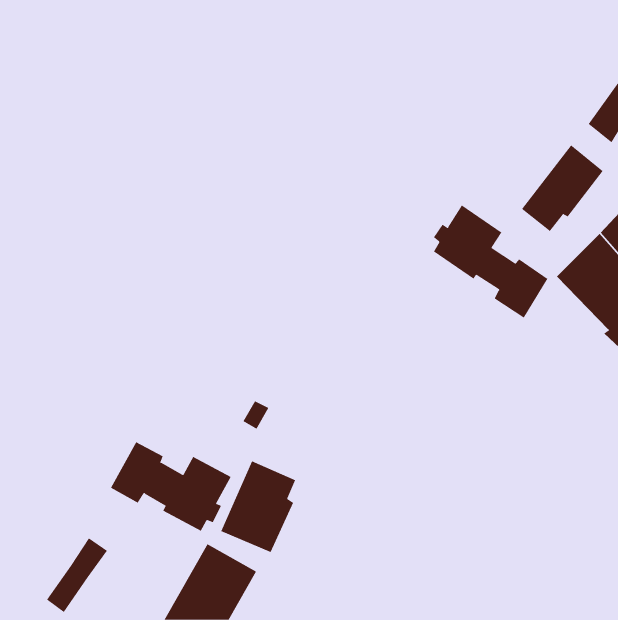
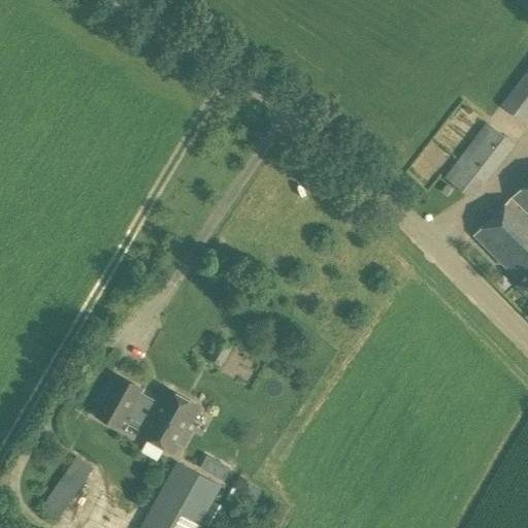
building: [433,204,548,319] -> none
building: [221,461,296,553] -> none

